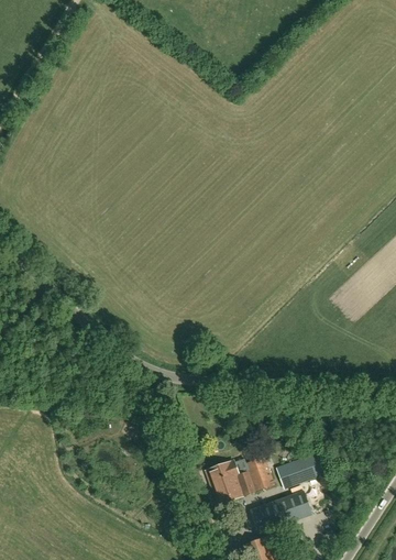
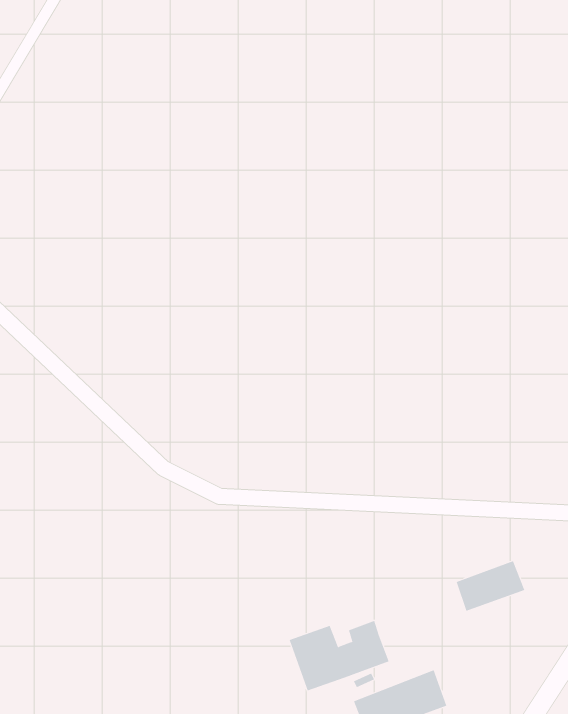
building: [278,453,324,487] -> [456,560,525,612]

